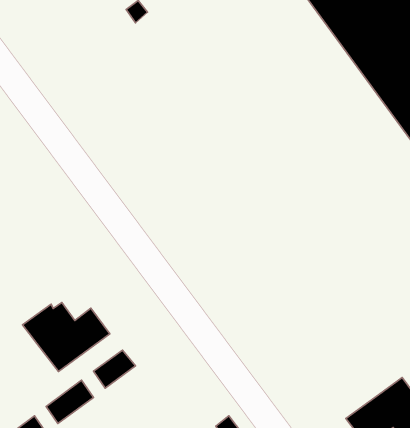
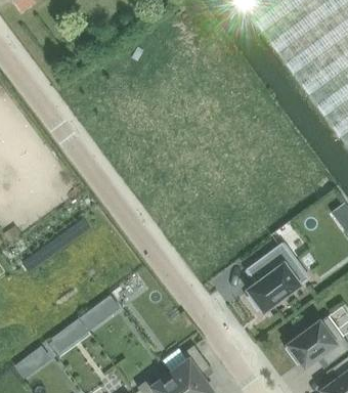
building: none -> [247,243,310,312]
building: [23,302,110,372] -> none

